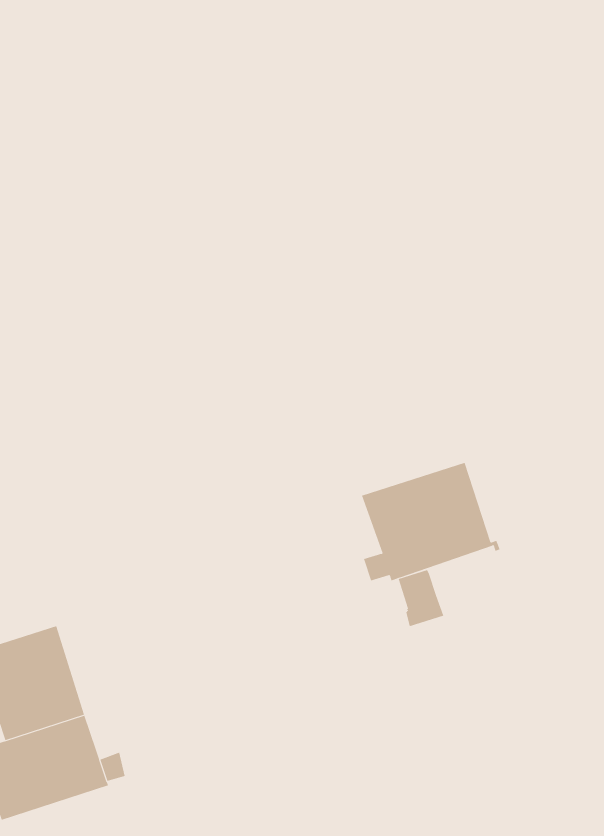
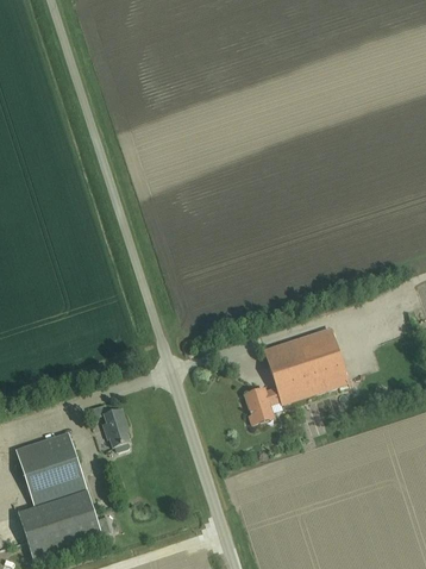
building: [398,569,444,627] -> [244,387,274,424]
building: none -> [102,407,130,451]

